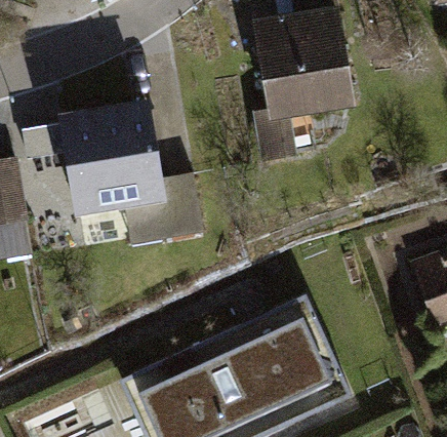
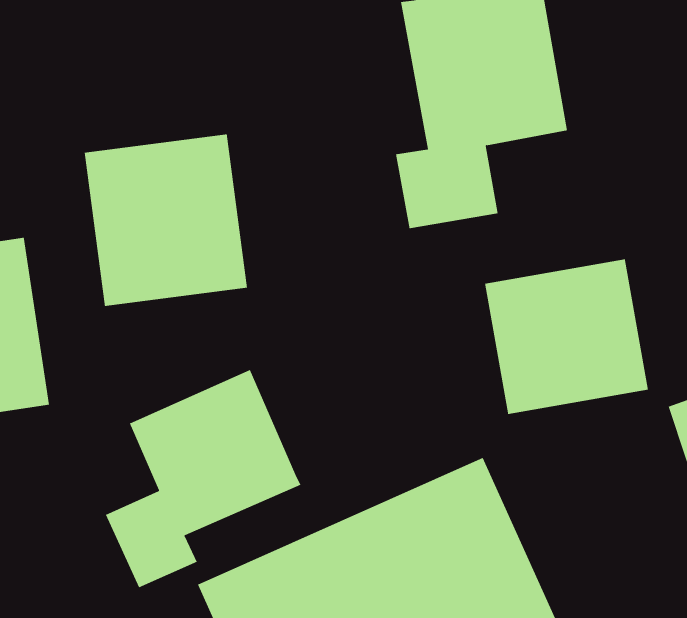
building: none -> [485,258,649,415]
building: none -> [105,369,301,588]

